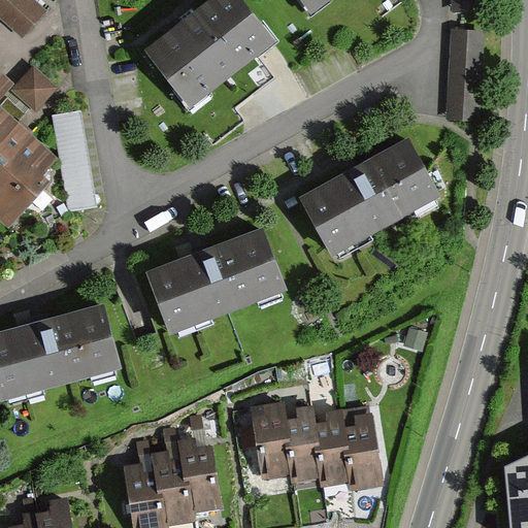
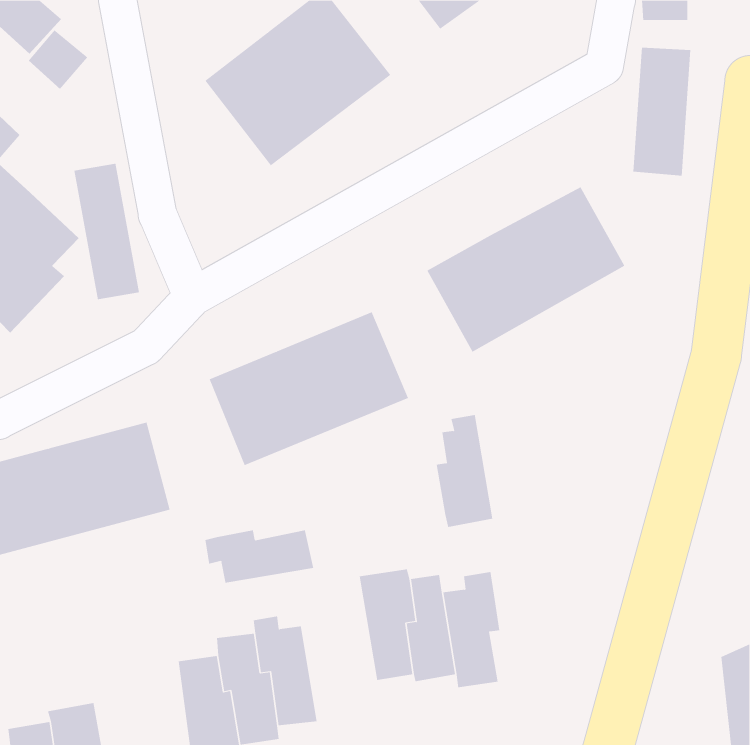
building: [13,74,56,117] -> [28,29,88,90]
building: none -> [205,529,314,583]
building: [343,412,384,492] -> [436,414,493,528]

